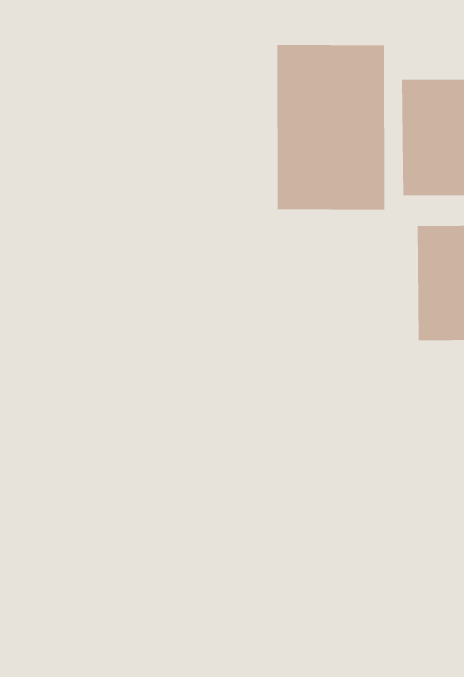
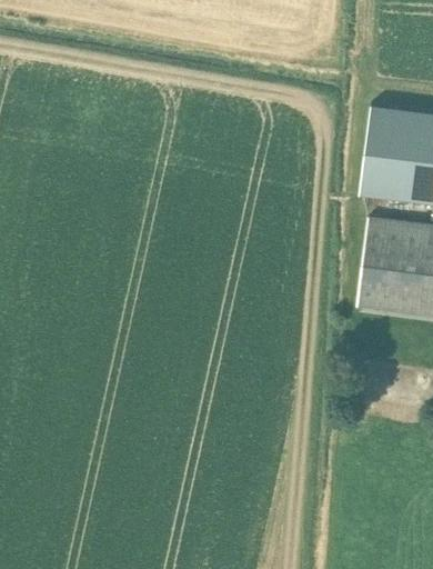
building: [277,44,385,211] -> none

